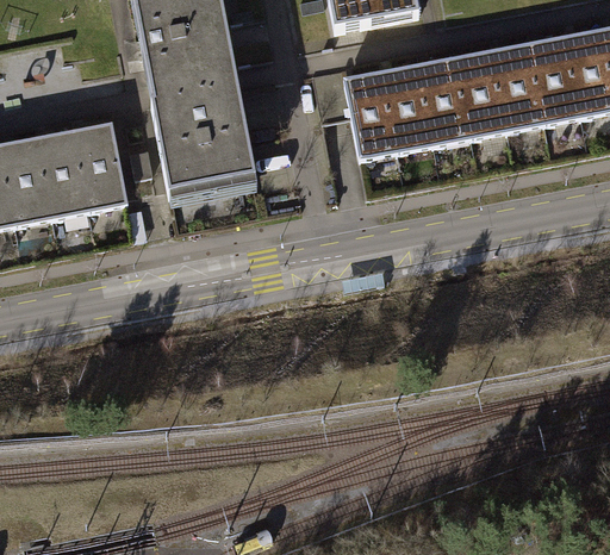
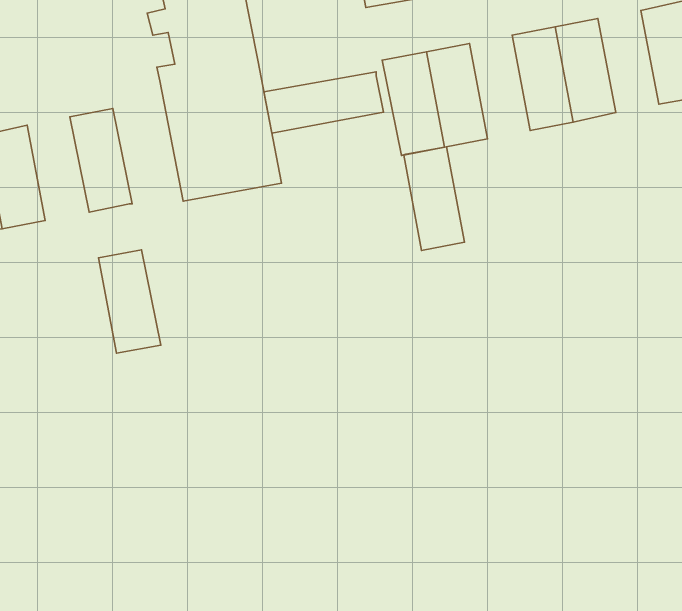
building: [530,36,583,124] -> none
building: [419,57,472,146] -> [404,147,465,250]
building: none -> [264,72,384,133]
building: [38,127,92,217] -> [99,250,161,353]

